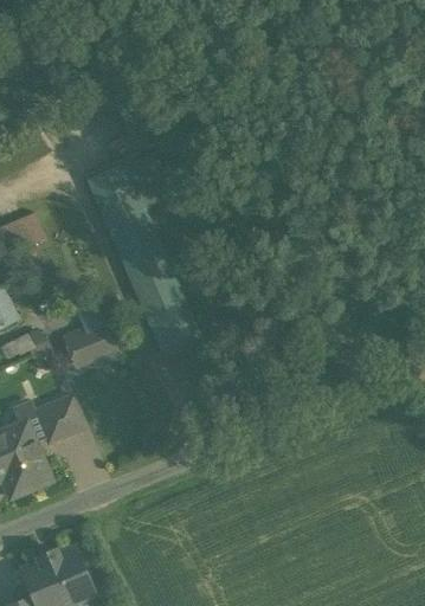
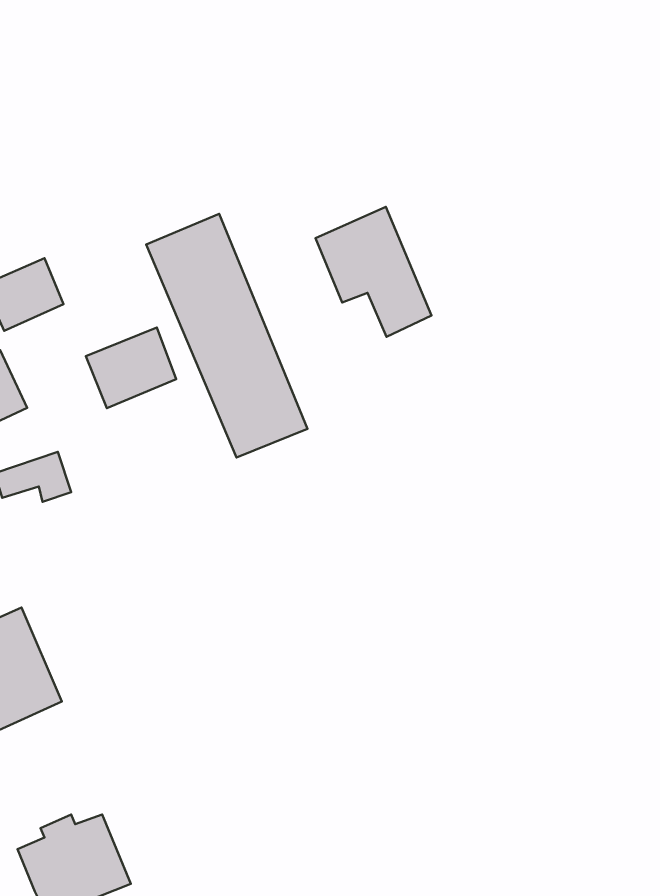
building: none -> [315,207,431,337]
building: [62,316,117,366] -> [86,327,176,408]
building: [32,397,84,445] -> none

